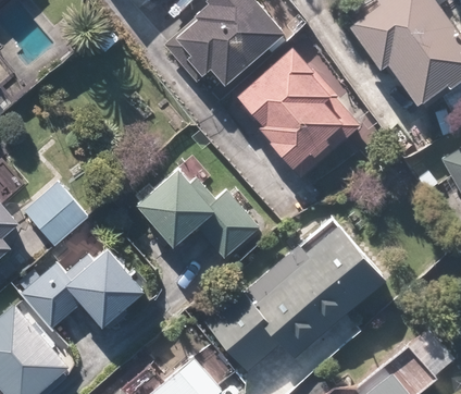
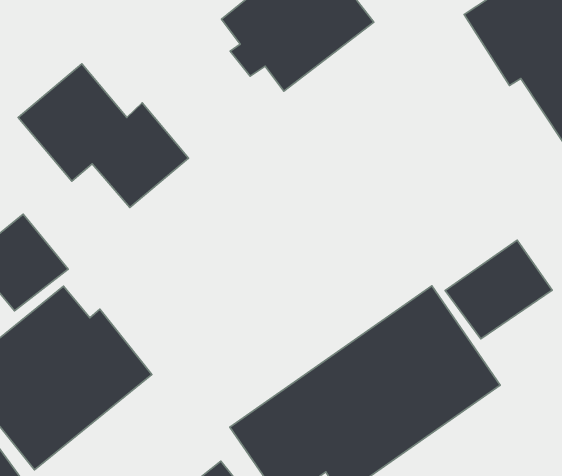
building: [236,47,347,168] -> none
building: [140,167,260,263] -> [18,64,188,207]
building: none -> [445,240,552,339]

